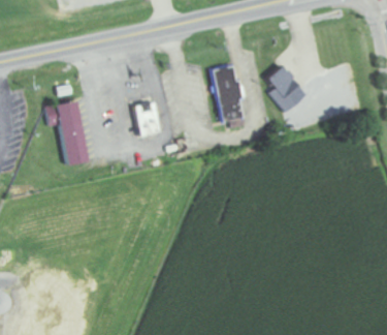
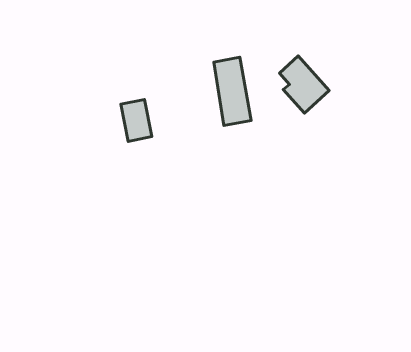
building: [46,102,84,165] -> none

